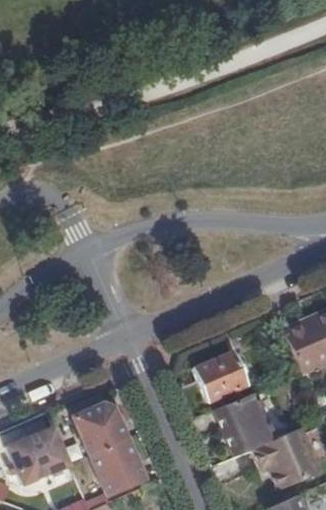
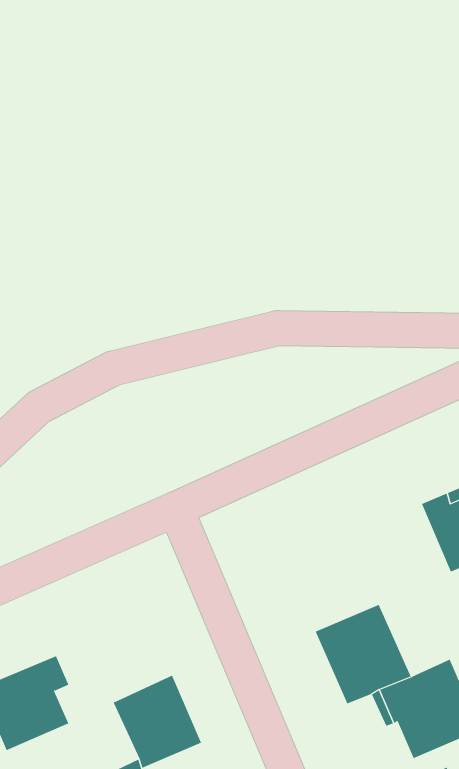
building: [194,351,249,402] -> none
building: [74,403,128,454] -> none

